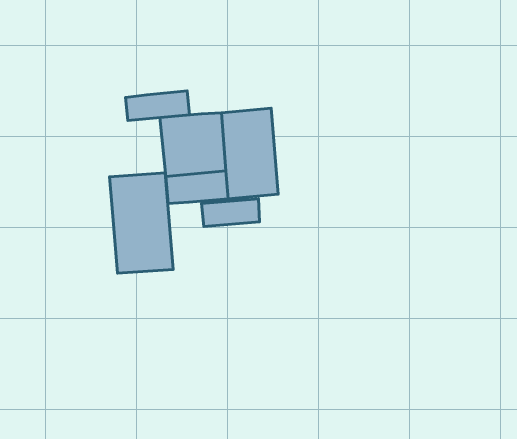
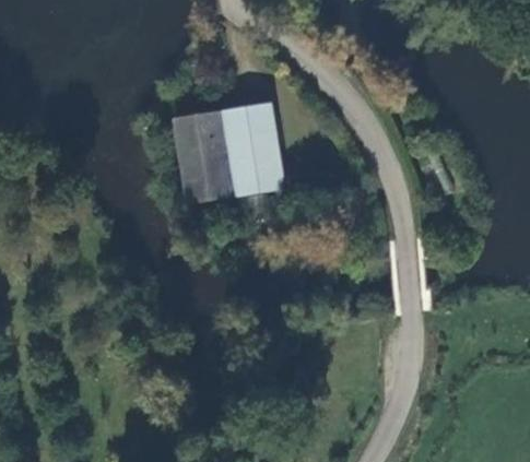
building: [125,91,190,120] -> none
building: [110,173,173,273] -> none

